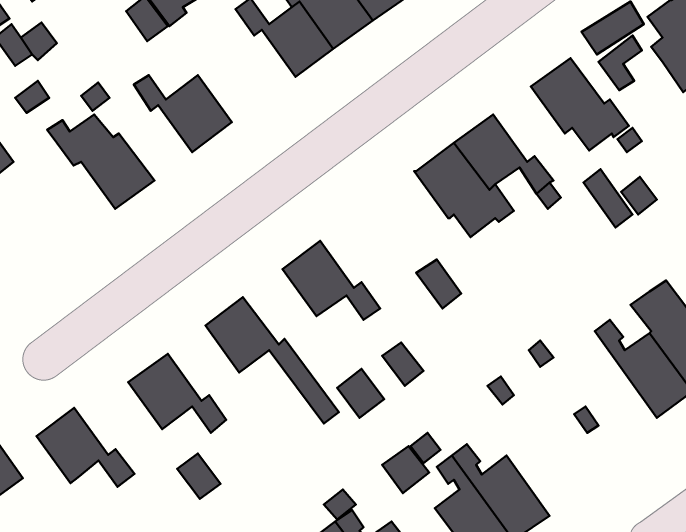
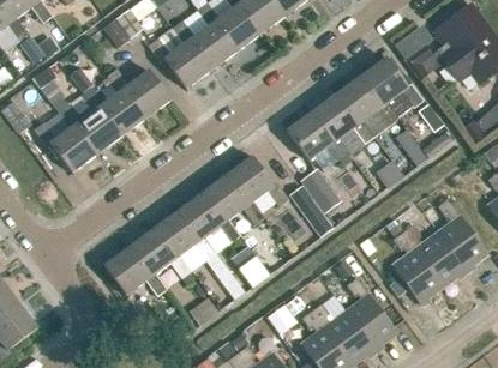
building: none -> [149,26,211,88]
building: none -> [337,76,400,126]
building: none -> [83,85,145,135]
building: none -> [35,121,96,171]
building: none -> [227,156,289,206]
building: none -> [300,168,341,212]
building: none -> [178,192,240,242]
building: none -> [391,231,442,303]
building: none -> [346,277,396,349]
building: [37,408,134,487] -> [130,228,192,278]

